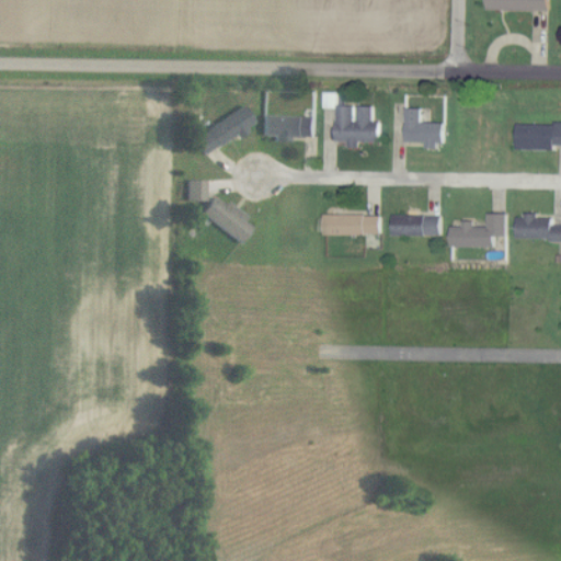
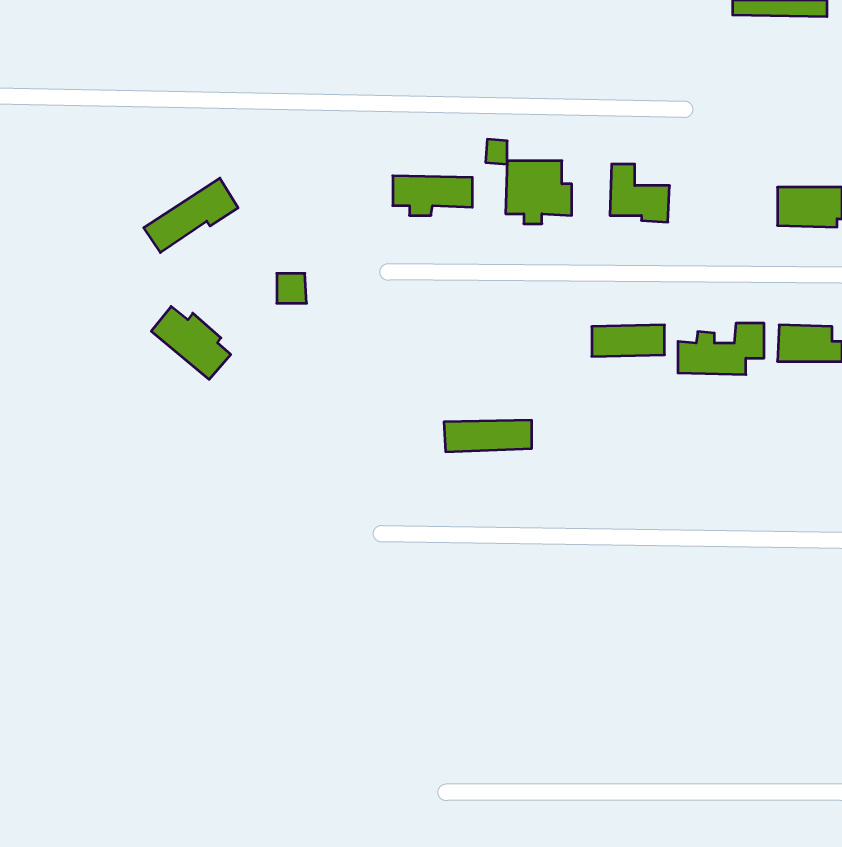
building: [190,105,252,154] -> [144,178,238,253]
building: [196,196,249,244] -> [151,306,231,379]
building: [321,215,379,236] -> [444,420,532,452]

